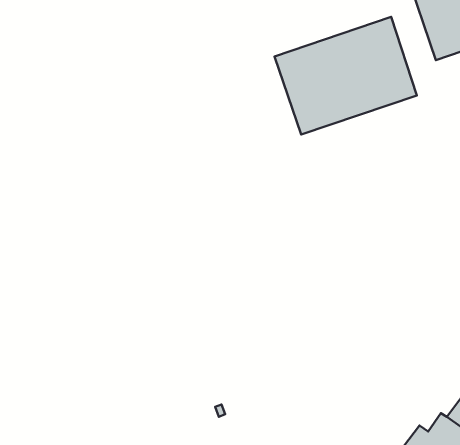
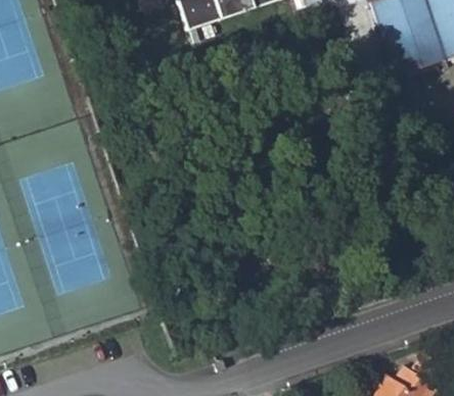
building: [274,17,417,135] -> none

